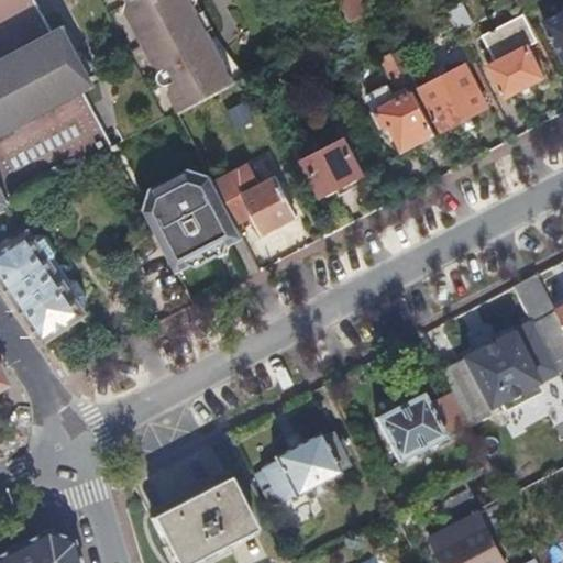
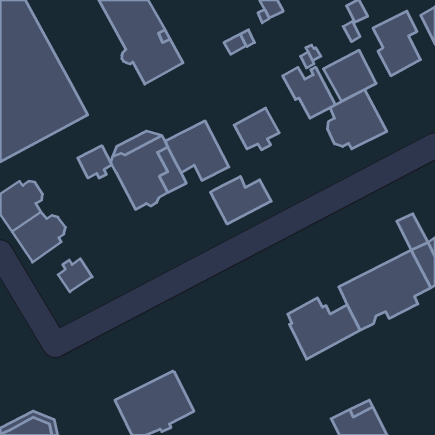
building: none -> [328,90,387,149]
building: none -> [78,146,112,178]
building: none -> [210,176,271,224]
building: none -> [58,259,92,292]
building: [260,433,349,504] -> none

